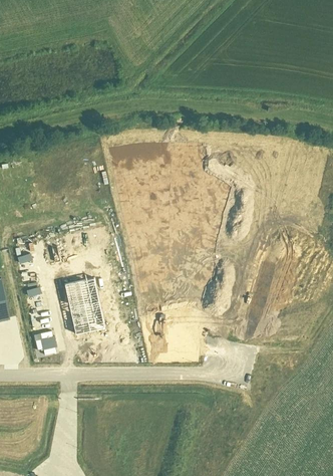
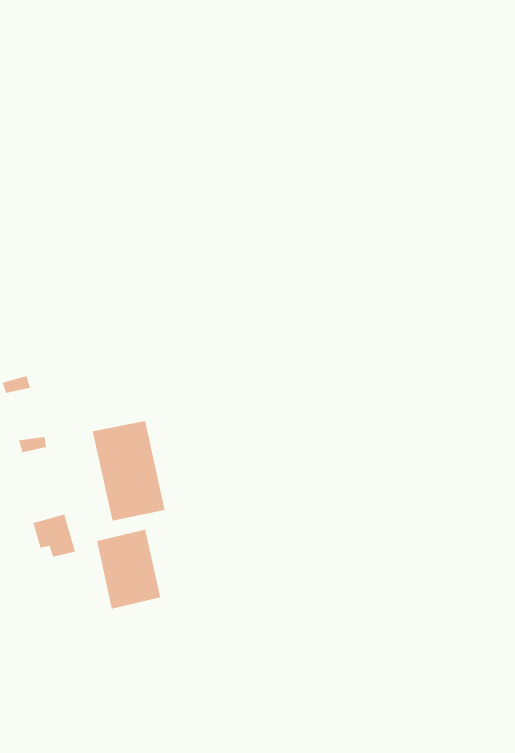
building: none -> [96,529,161,610]

